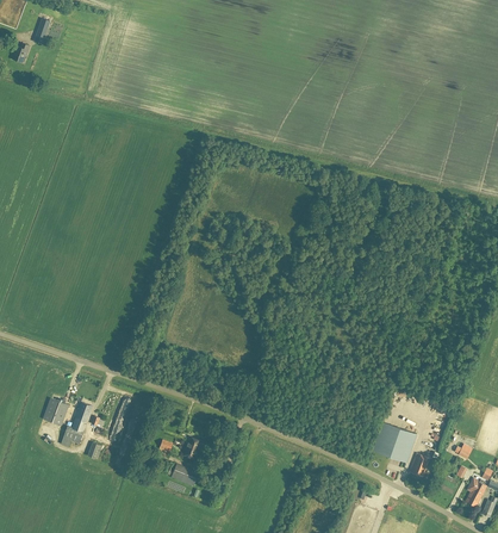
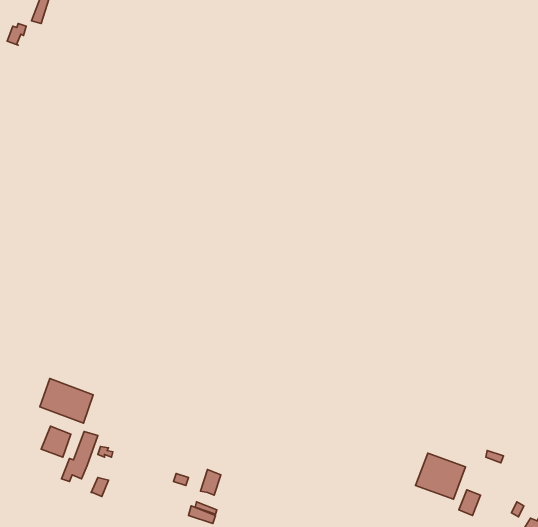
building: none -> [40,379,93,423]

